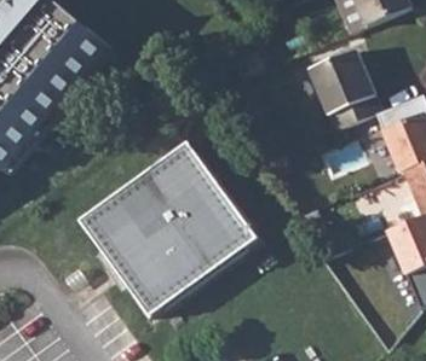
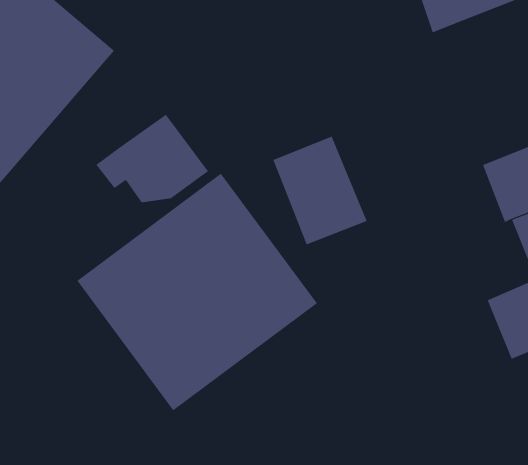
building: [309,48,380,130] -> [272,136,367,245]
building: none -> [96,114,209,203]

